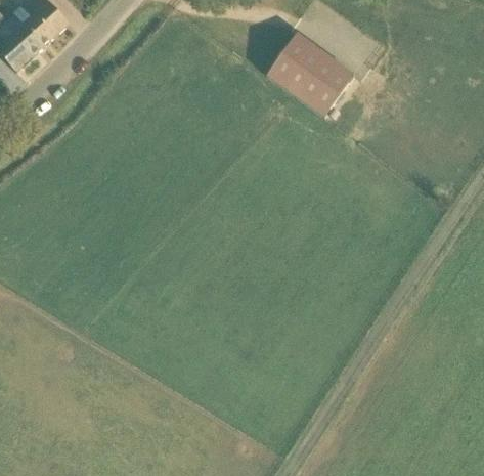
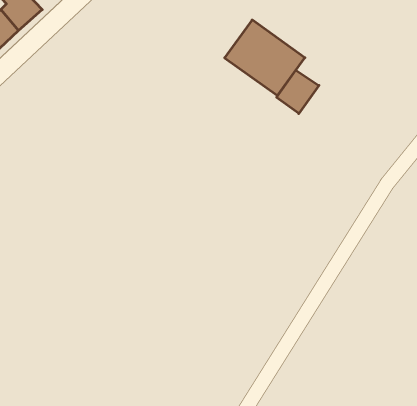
building: none -> [277,70,319,114]

